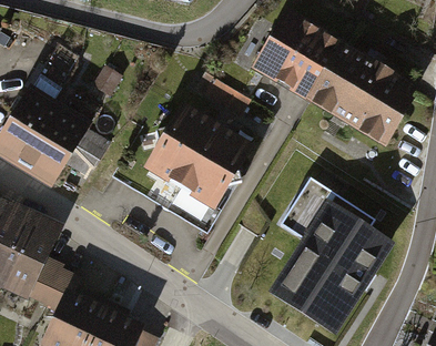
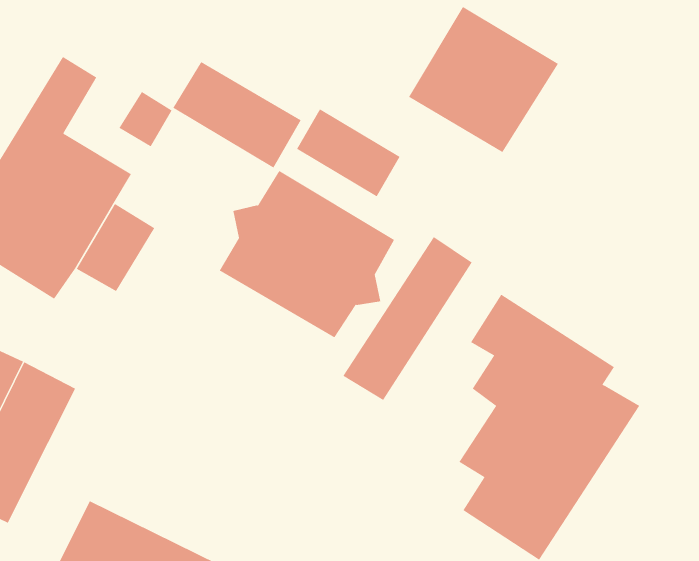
building: none -> [172,61,302,169]
building: [311,44,403,141] -> none
building: none -> [343,236,473,401]
building: [27,262,82,324] -> none

